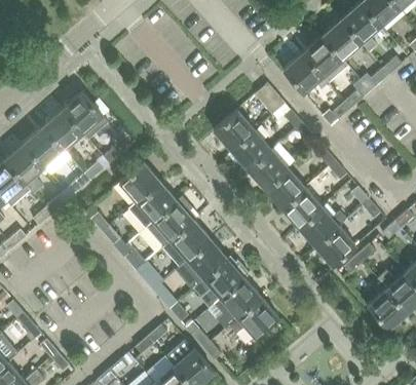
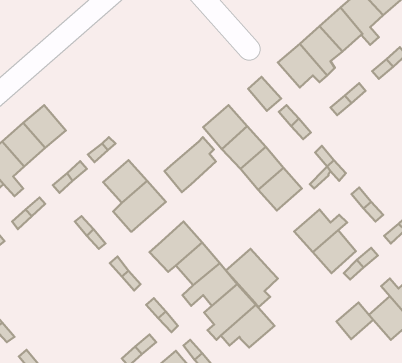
building: [64,92,110,141] -> none
building: [281,188,322,228] -> none
building: [146,196,194,247] -> [164,137,216,192]
building: none -> [226,249,278,307]
building: none -> [336,302,373,339]

